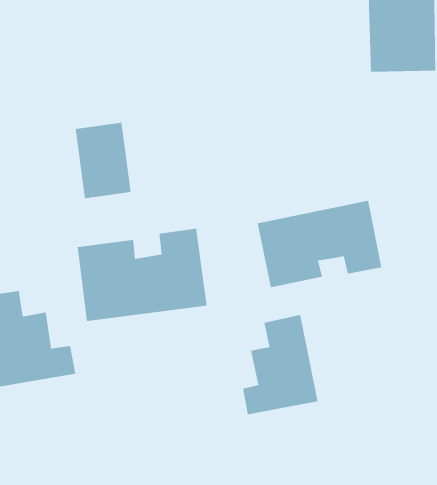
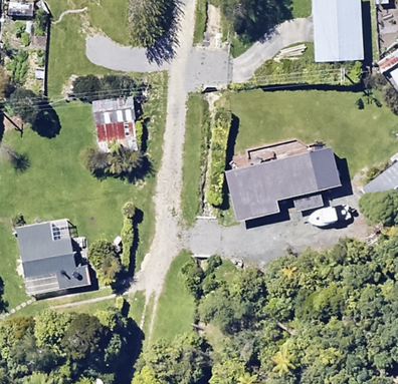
building: [77,228,207,322] -> none
building: [243,314,318,415] -> none

